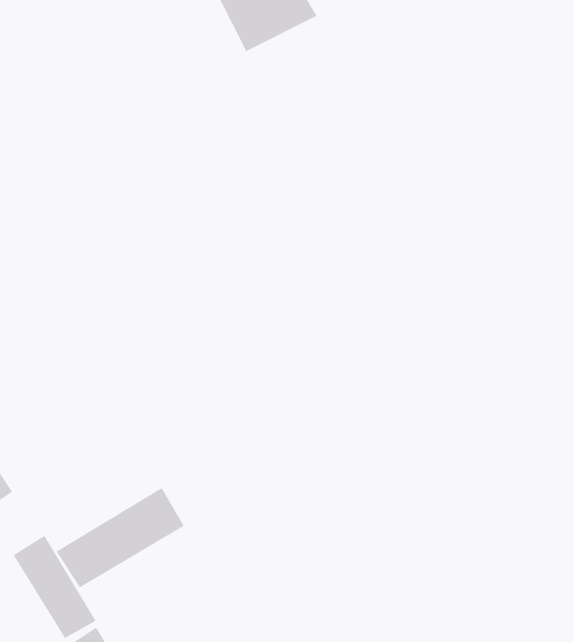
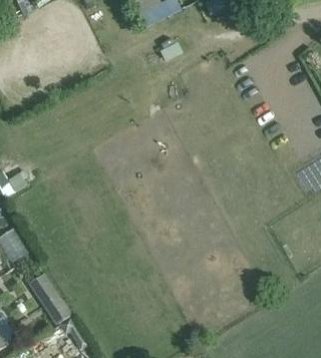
building: [56,487,185,588] -> none

